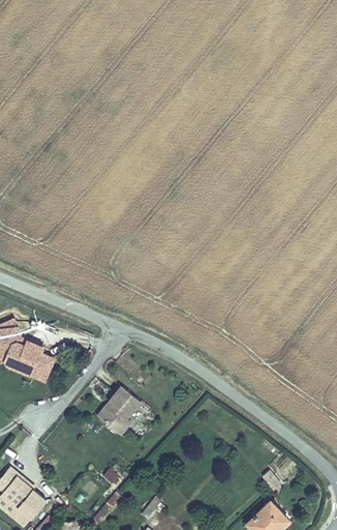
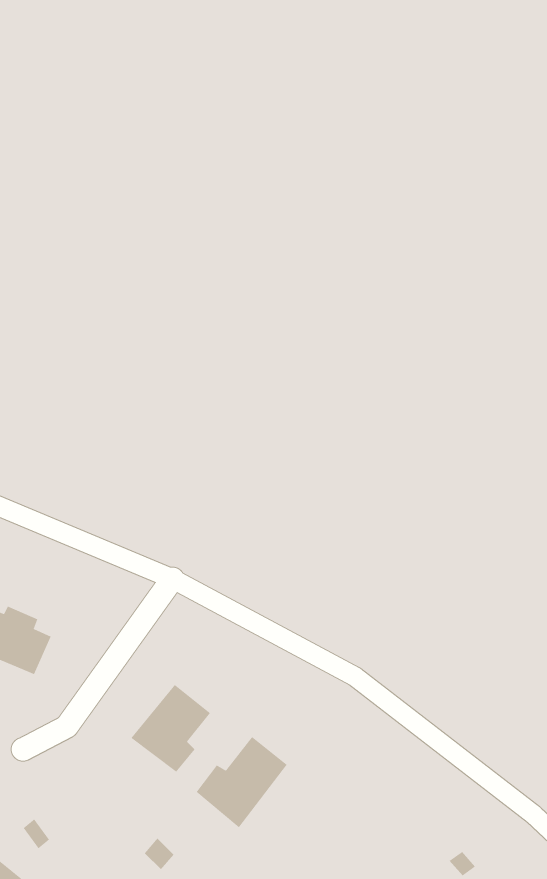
building: none -> [196,736,288,828]

